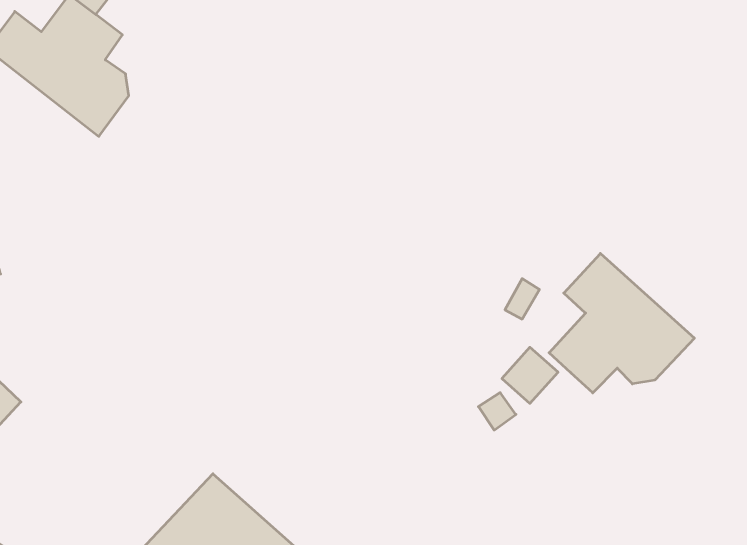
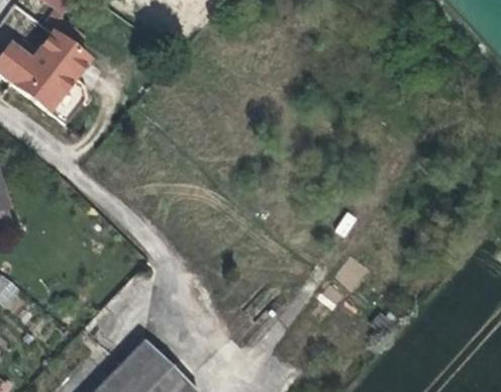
building: [549,253,694,393] -> none

